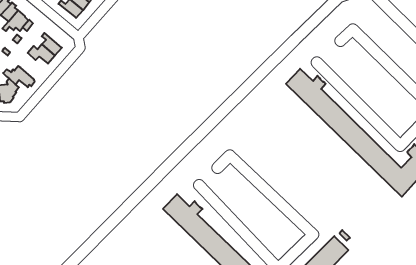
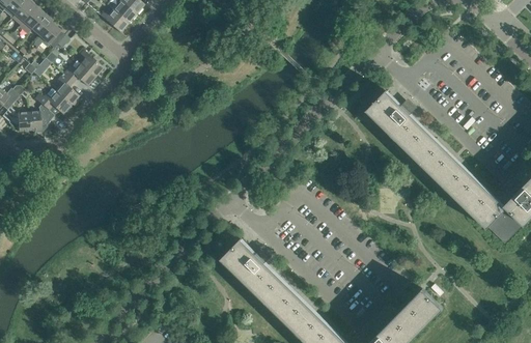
building: none -> [55,74,79,106]

